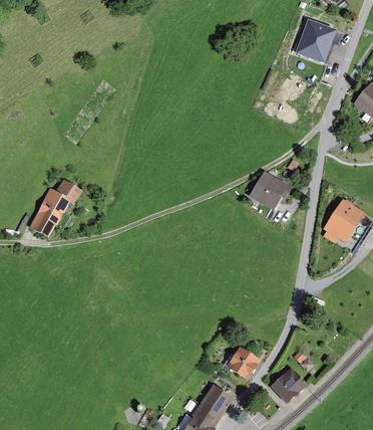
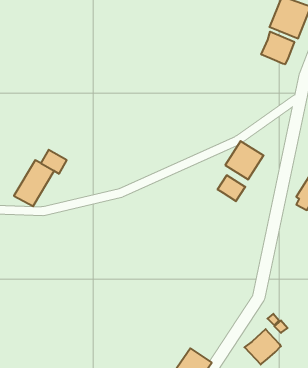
building: none -> [261,32,294,64]
building: none -> [218,175,245,201]
building: [226,347,261,381] -> none

